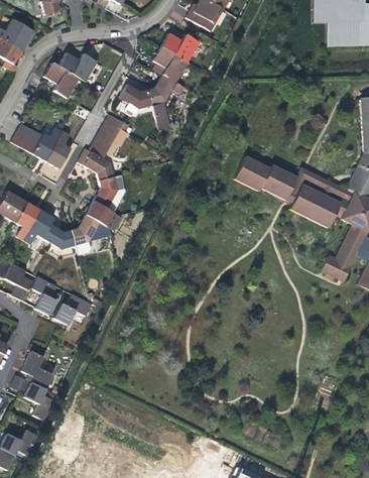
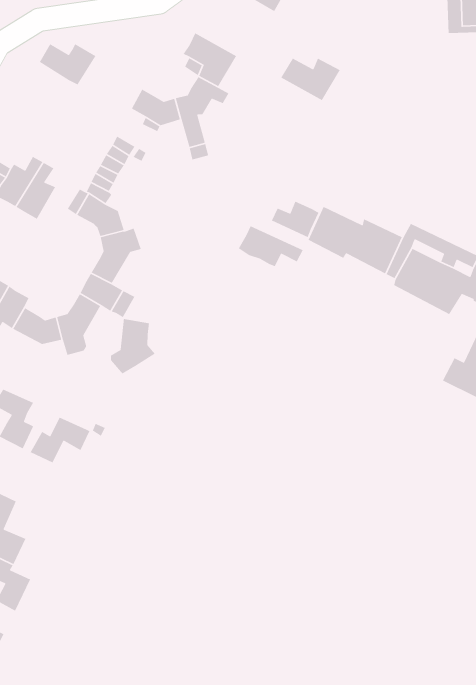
building: [162,32,202,61] -> [280,57,341,101]
building: [46,62,81,96] -> none
building: none -> [271,201,319,238]
building: none -> [238,225,304,267]
building: none -> [110,318,156,374]

